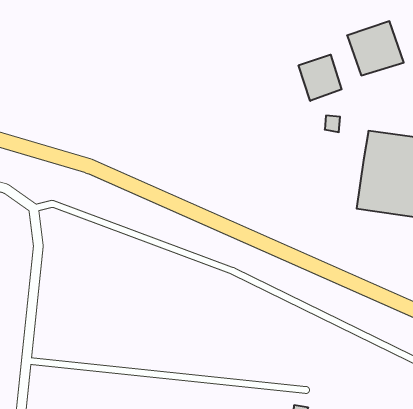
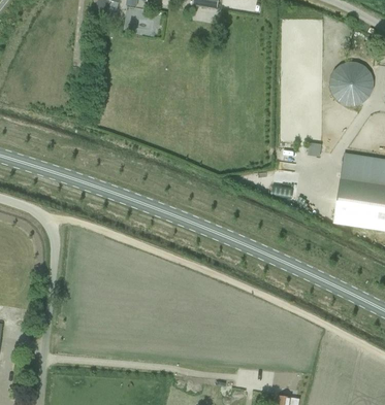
building: [299,55,342,101] -> none

